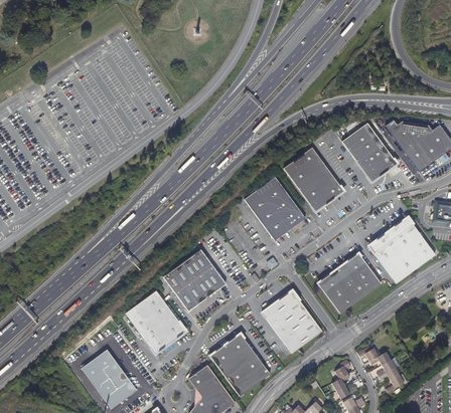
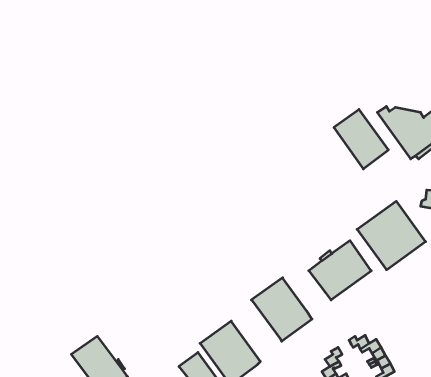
building: [284,147,344,210] -> none
building: [245,176,306,240] -> none
building: [164,248,227,309] -> none
building: [126,288,186,352] -> none

